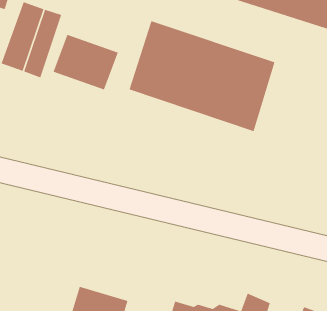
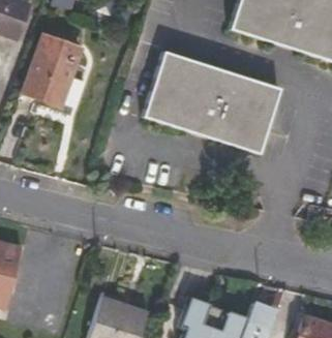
building: [53,34,119,91] -> none

